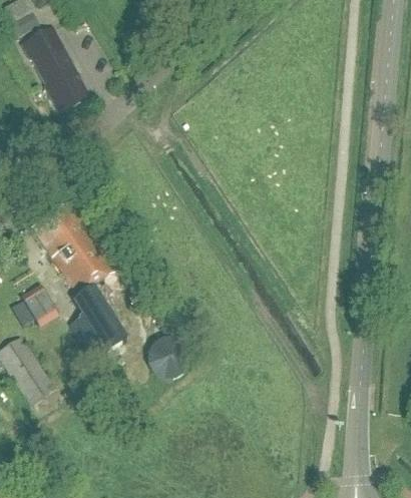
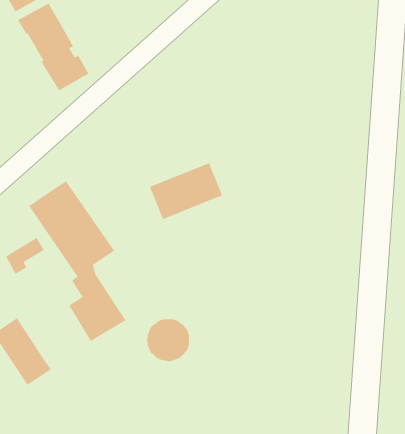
building: none -> [149,162,223,220]
building: [12,289,51,326] -> [5,237,45,275]

